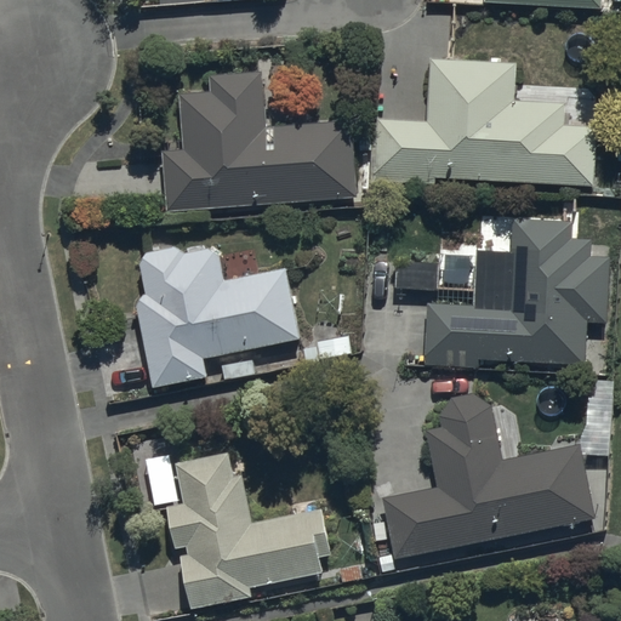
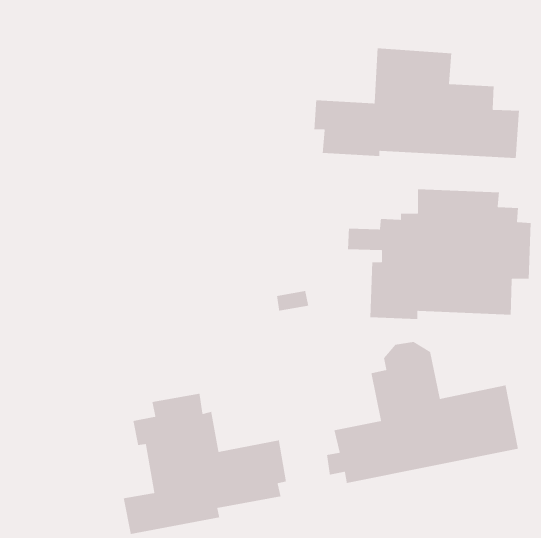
building: [163,72,363,207] -> none
building: [133,245,301,391] -> none

